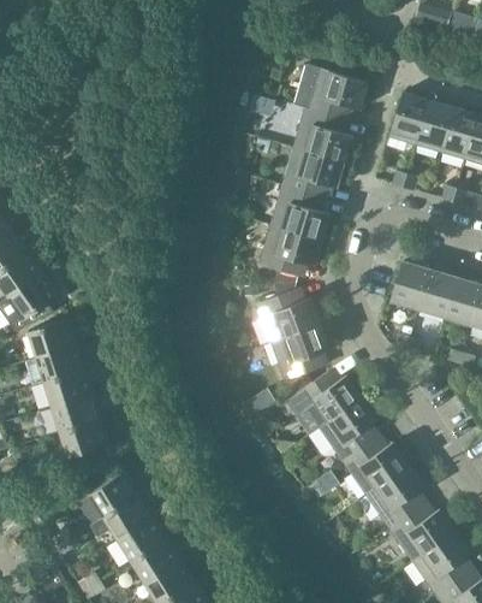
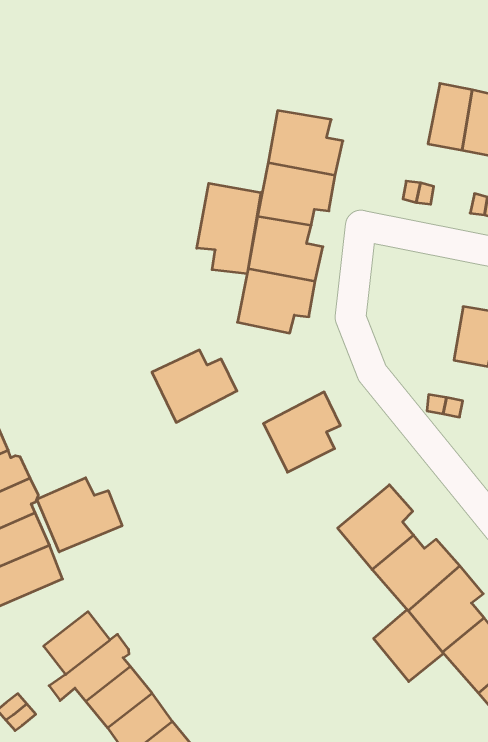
building: [303,67,365,119] -> none
building: [387,93,427,144] -> none
building: none -> [197,183,261,274]
building: [389,261,428,309] -> none
building: [255,290,317,343] -> [152,350,237,422]
building: [293,371,359,427] -> none
building: none -> [37,478,122,552]
building: none -> [374,609,444,682]

